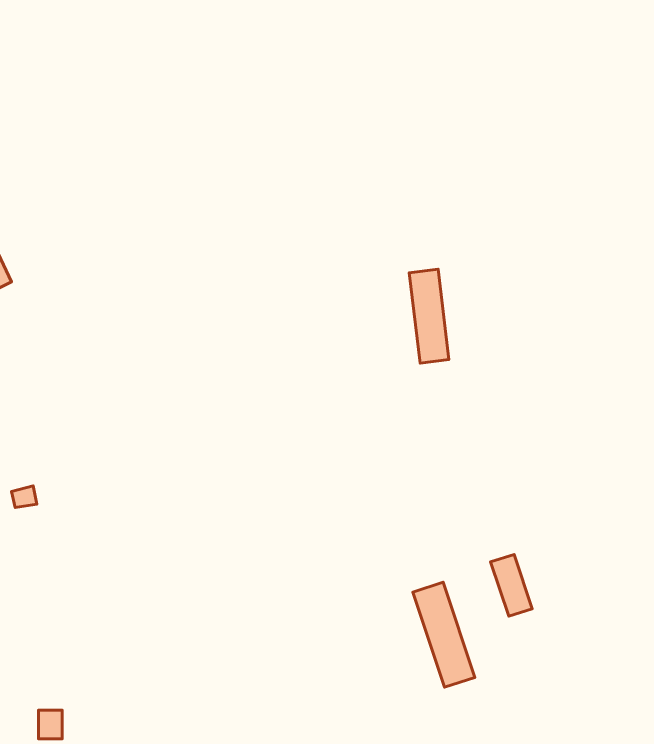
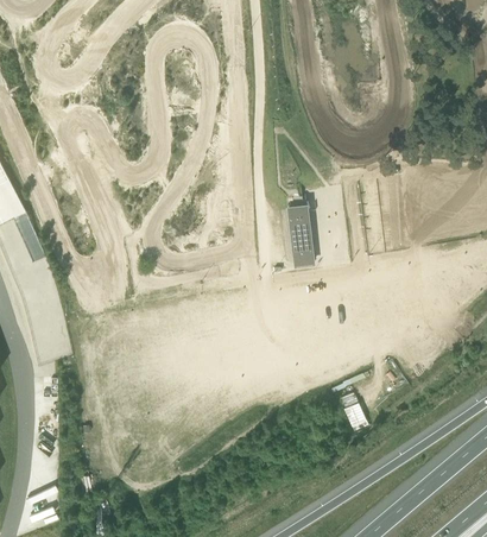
building: [413,582,475,687] -> none

